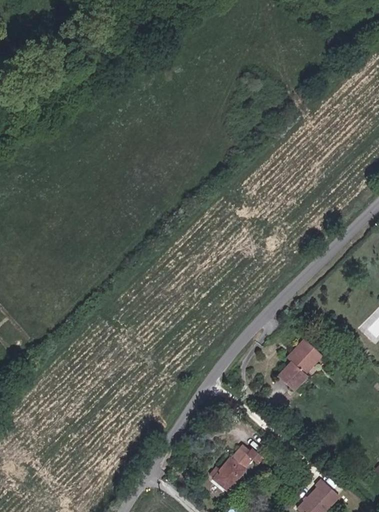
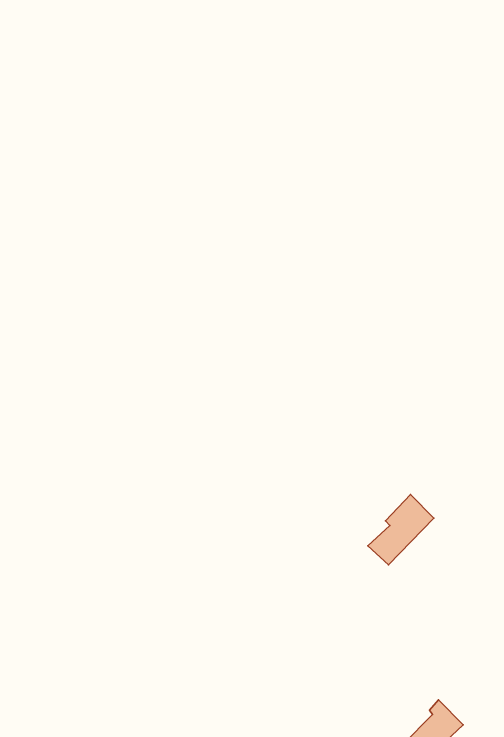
building: [213,445,263,489] -> none

